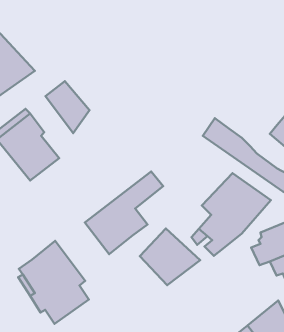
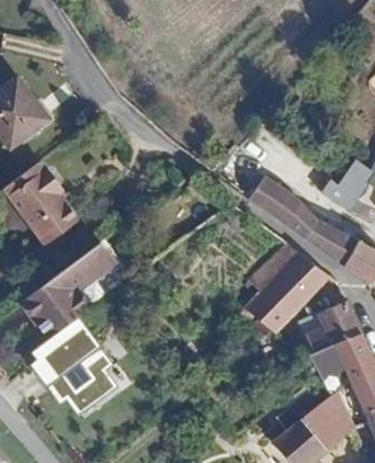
building: [45,81,90,133] -> none
building: [85,171,163,254] -> [20,245,112,342]
building: [140,228,200,285] -> none

